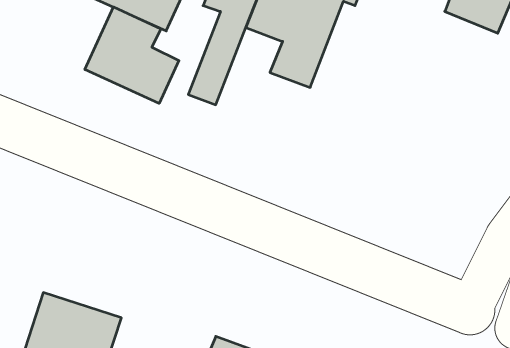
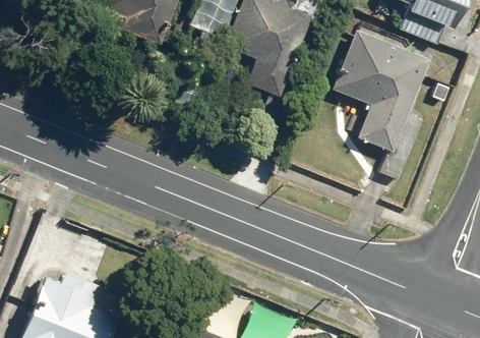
building: [85,7,179,103] -> none
building: none -> [328,30,429,178]

